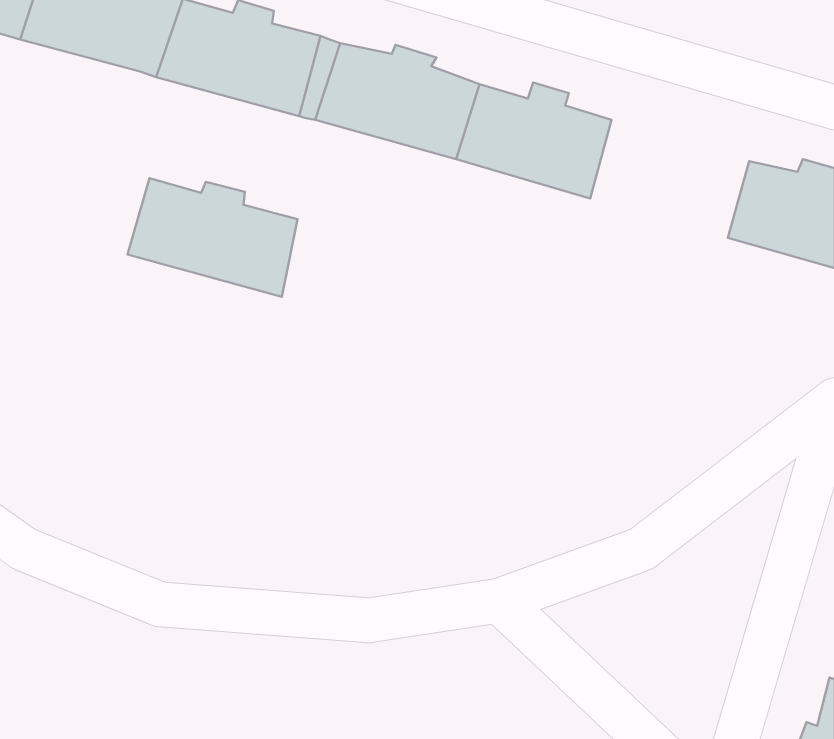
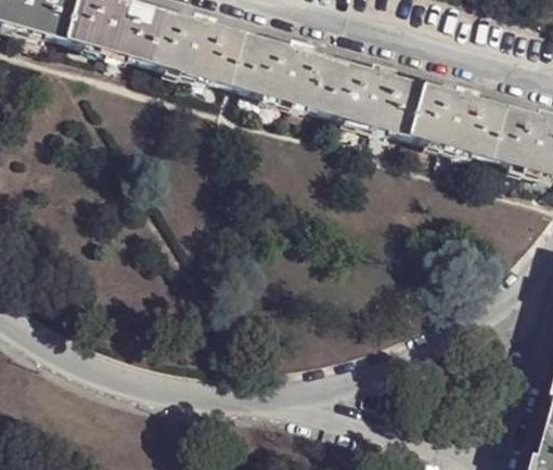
building: none -> [403,84,500,156]
building: [128,178,298,297] -> none

